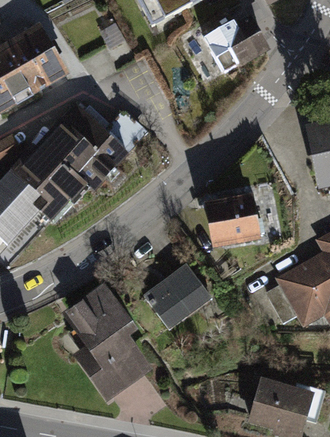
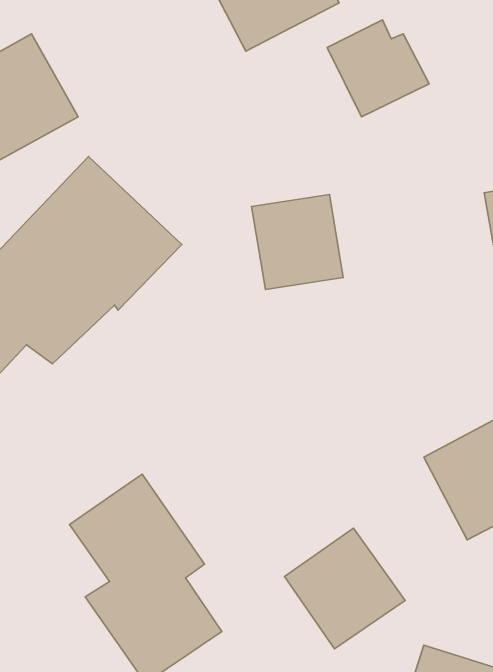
building: [202,186,255,241] -> [252,194,343,289]
building: [144,256,214,326] -> [284,528,405,649]

